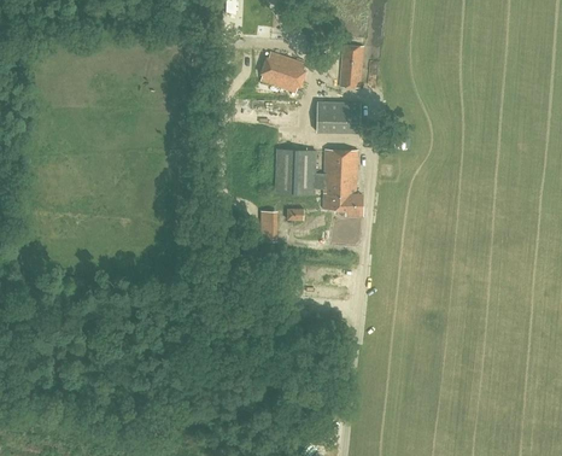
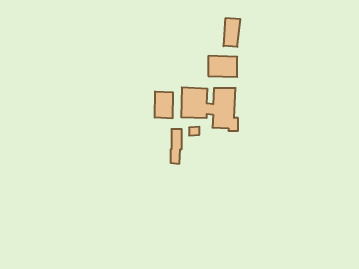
building: [259,51,305,93] -> none
building: none -> [155,91,173,118]

